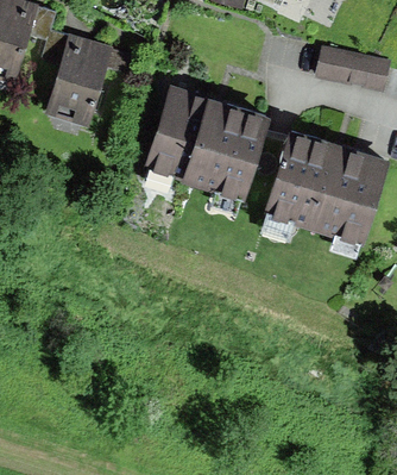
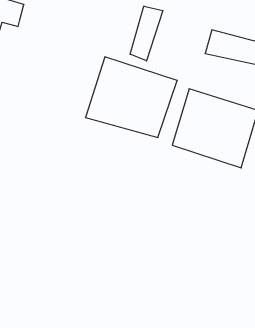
building: none -> [130,6,163,61]
building: [43,32,130,125] -> none

